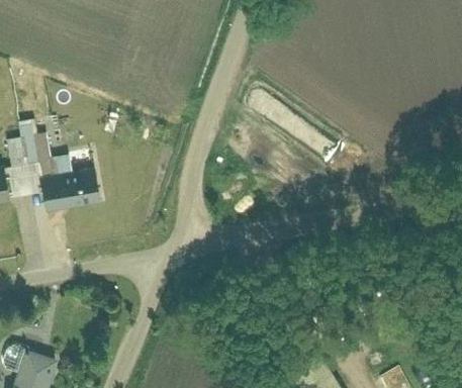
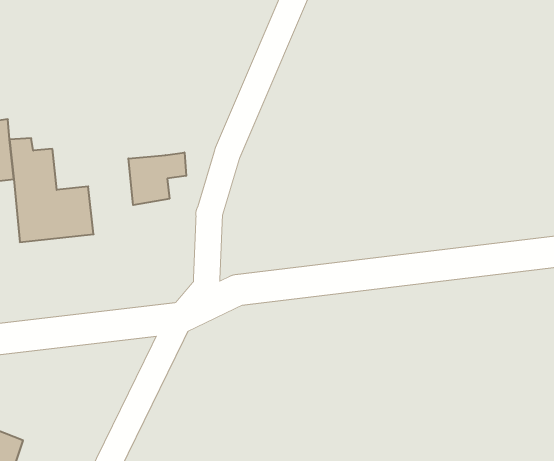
building: none -> [128,152,186,205]

